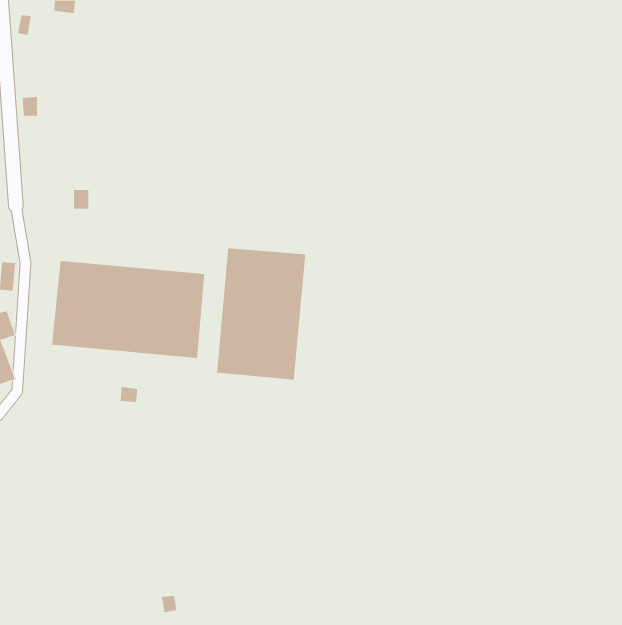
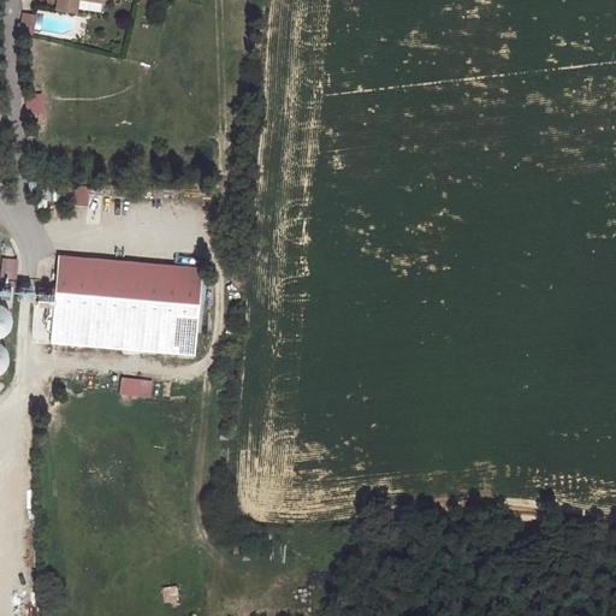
building: [217,247,306,381] -> none

